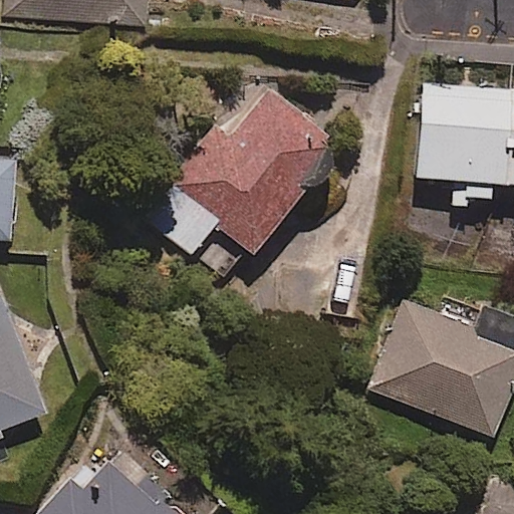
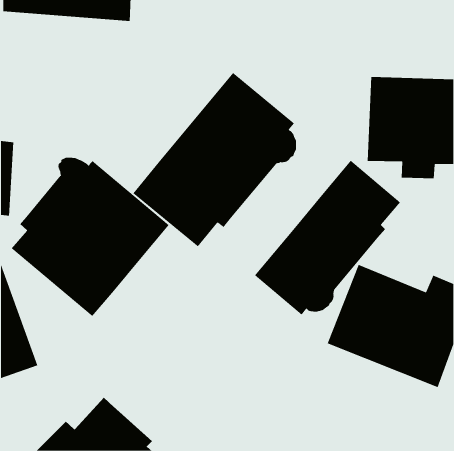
building: none -> [11,157,169,317]
building: none -> [254,160,401,315]

